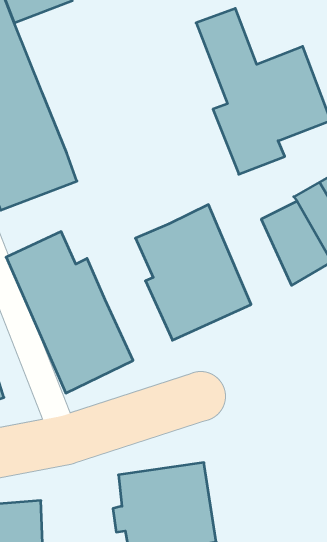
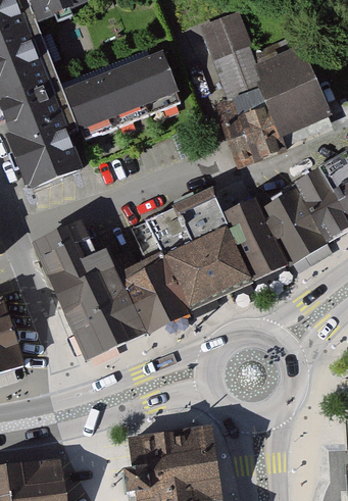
building: none -> [61,51,182,145]
building: none -> [222,199,288,283]
building: none -> [118,261,180,334]

